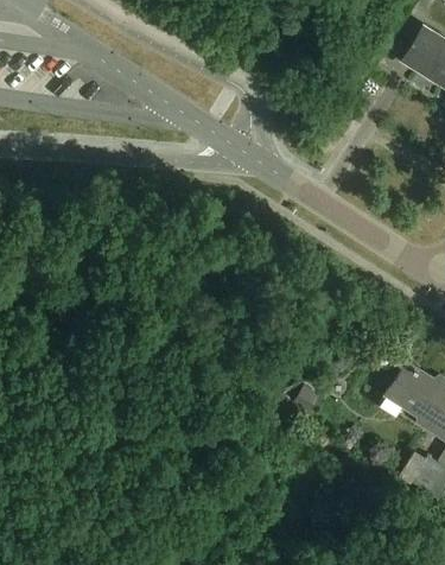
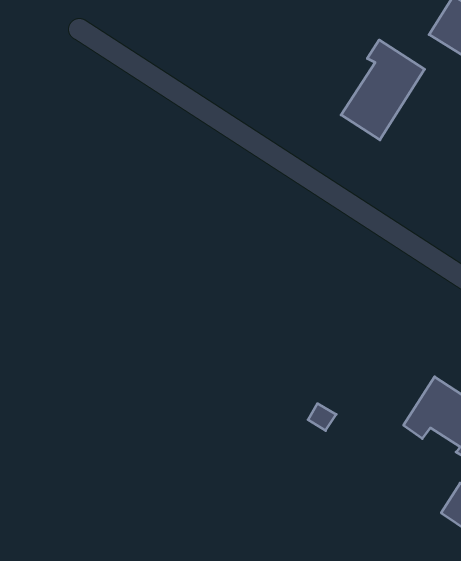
building: none -> [341,40,425,140]

